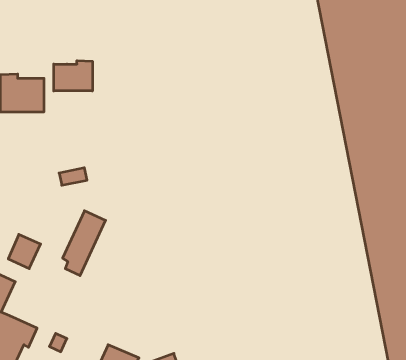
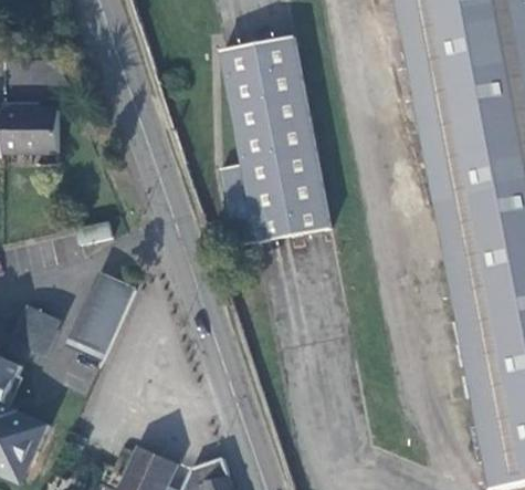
building: none -> [221,34,329,246]
building: [54,61,92,91] -> none

